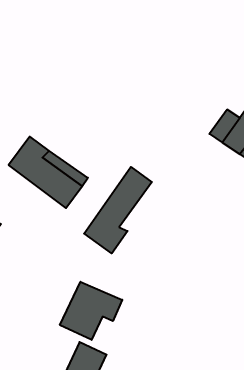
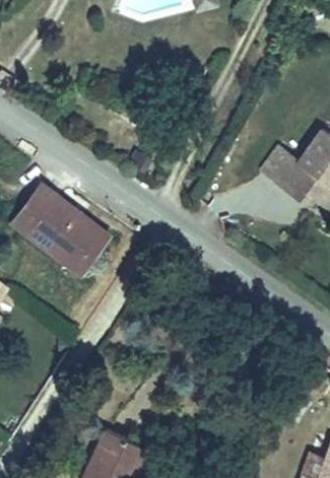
building: [84,167,152,253] -> none
building: [60,282,122,340] -> none

